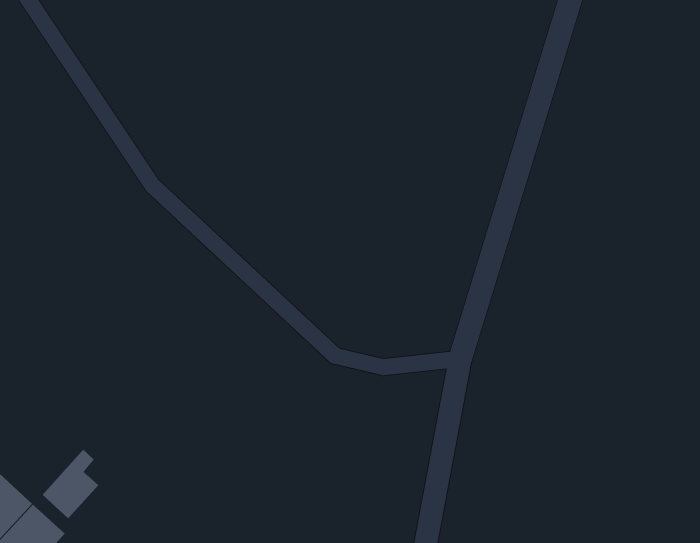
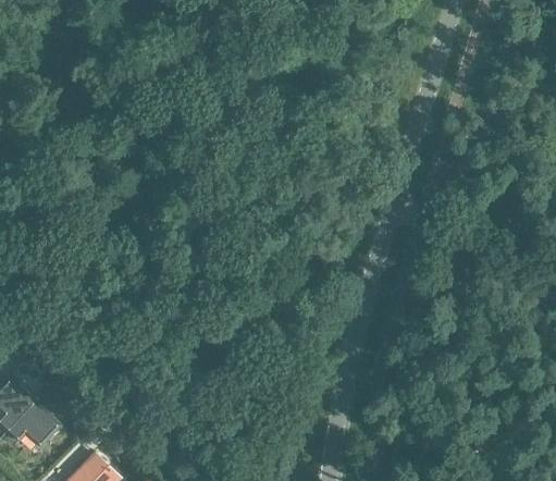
building: [42,449,99,519] -> none

